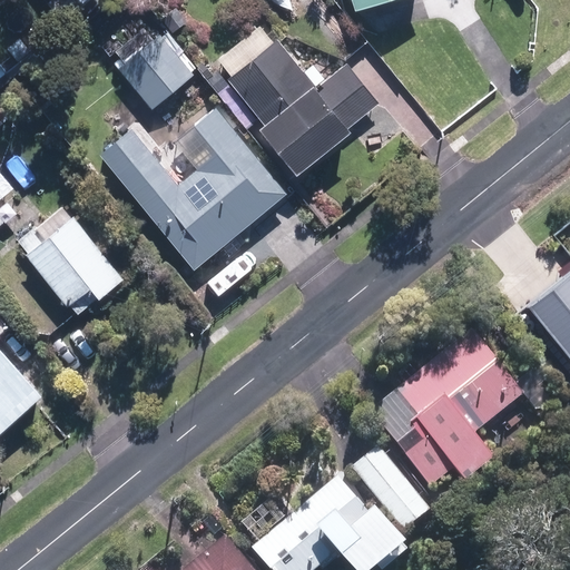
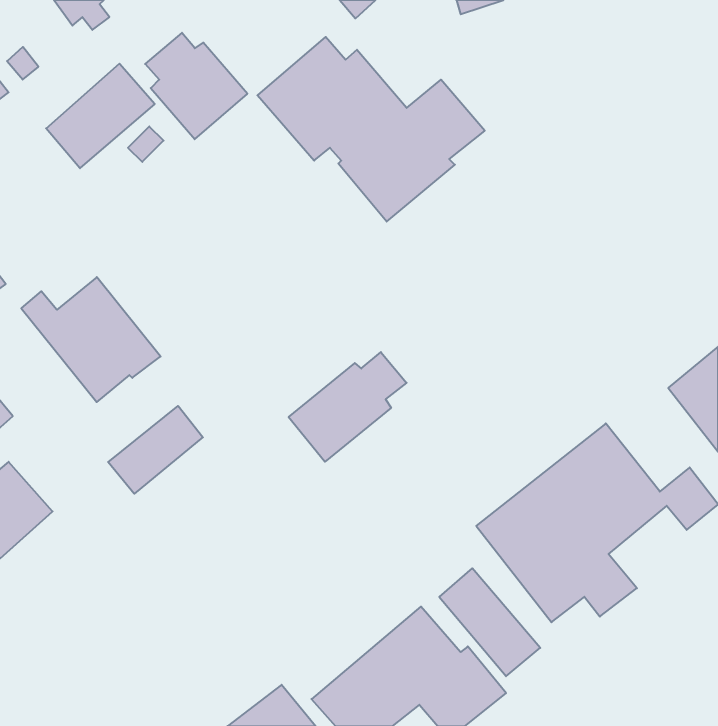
building: none -> [46,64,155,168]
building: [101,108,289,269] -> none
building: none -> [289,352,407,462]
building: none -> [108,406,203,494]

